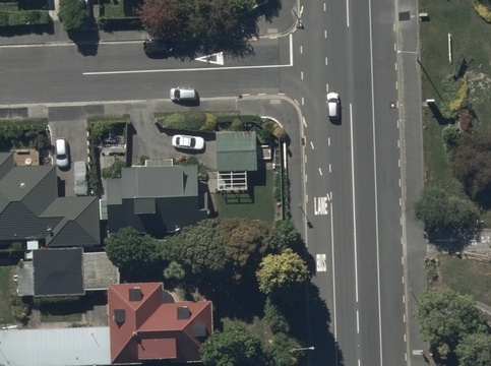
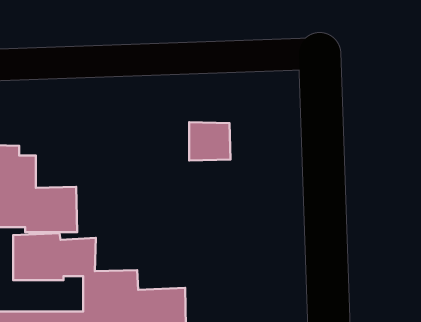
building: [106,159,208,234] -> none

